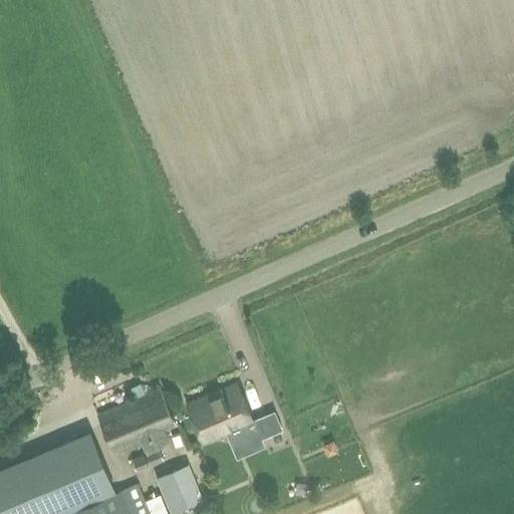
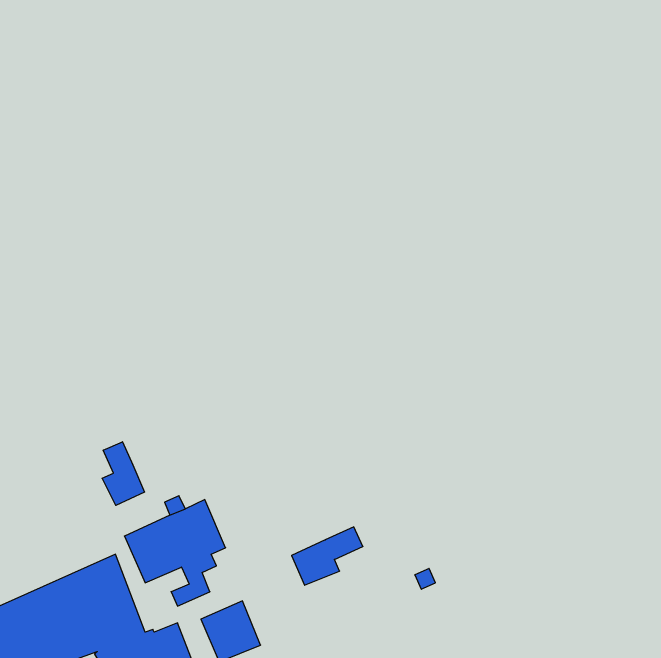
building: none -> [102,442,145,505]
building: [186,383,252,444] -> none

